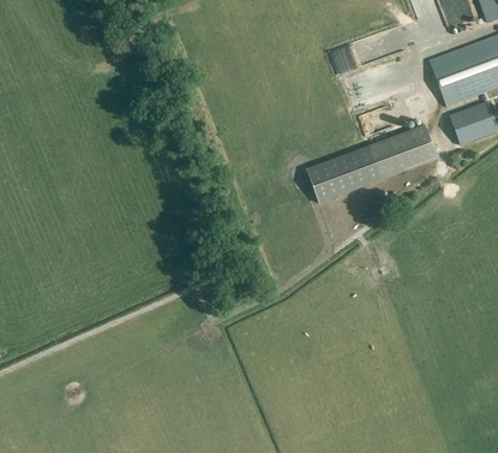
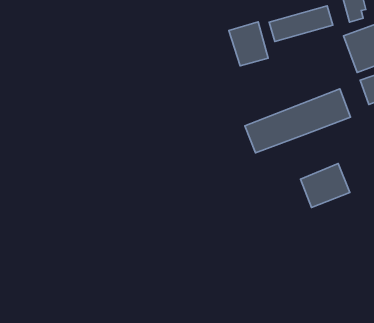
building: none -> [229,22,268,66]
building: none -> [301,163,350,207]

